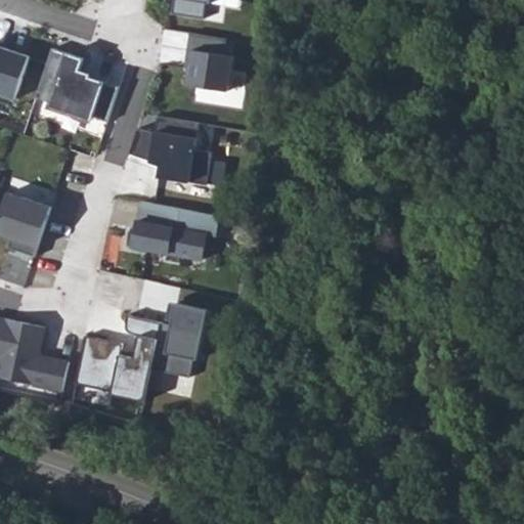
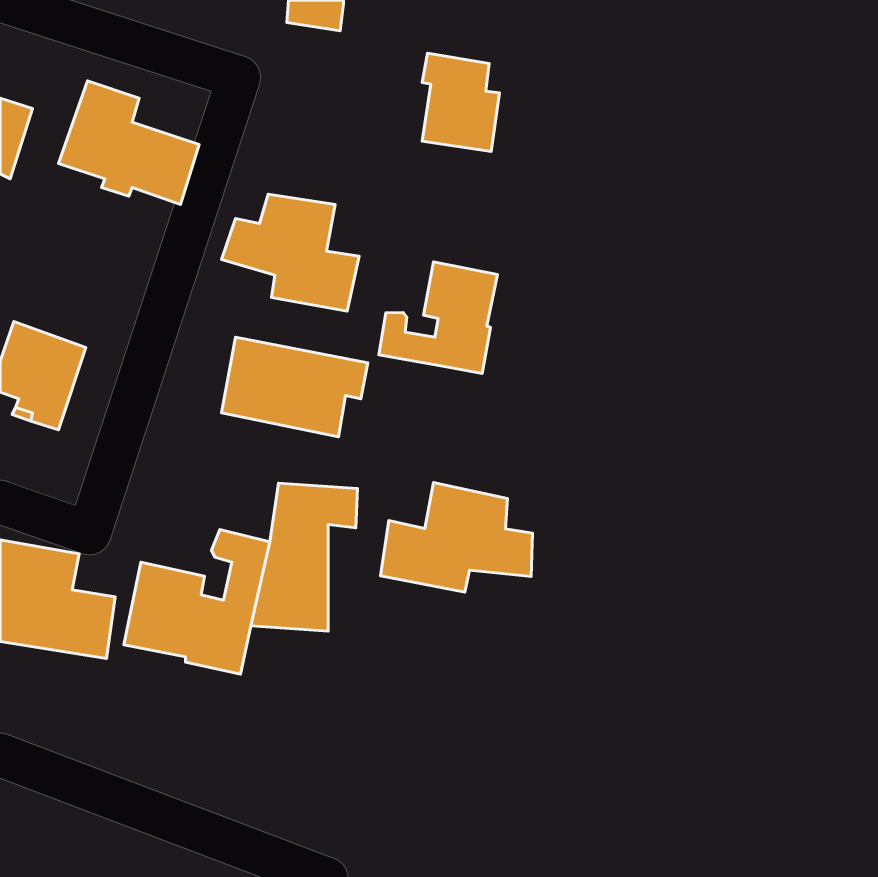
building: [186,33,232,91] -> [422,53,500,151]
building: none -> [379,262,497,374]
building: none -> [380,482,533,592]

